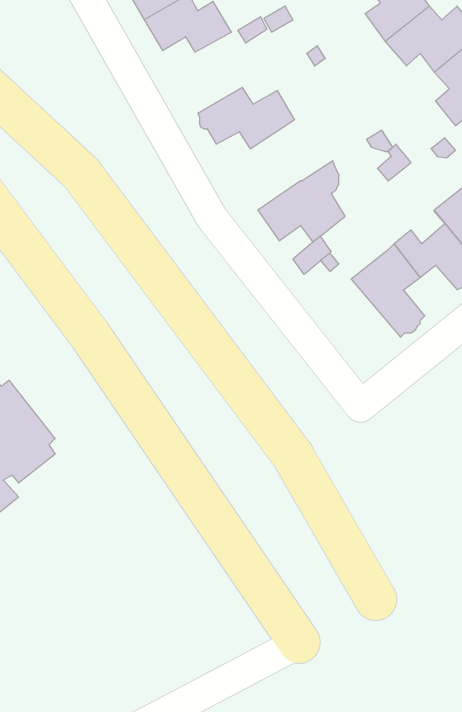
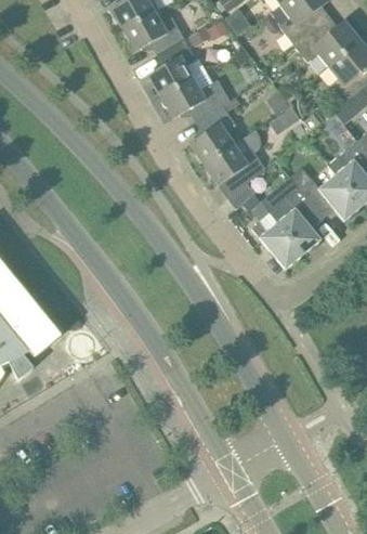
building: none -> [148,38,196,95]
building: none -> [188,104,236,164]
building: none -> [250,212,303,269]

